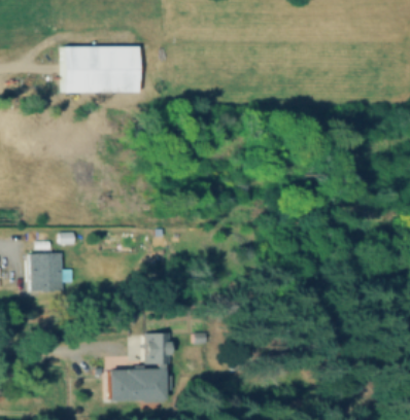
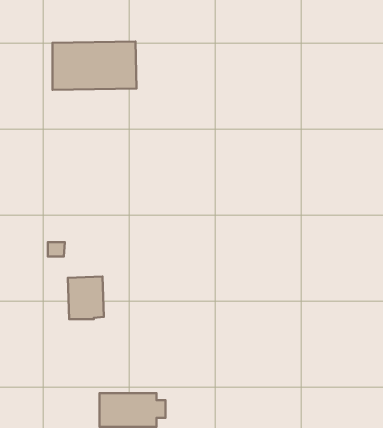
building: [30,252,63,291] -> [68,277,104,319]
building: [144,332,170,364] -> none

